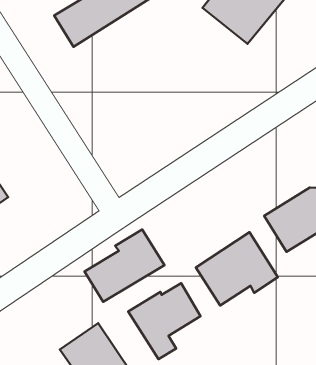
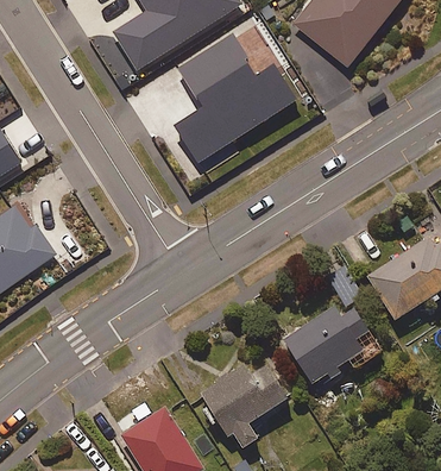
building: none -> [174,23,297,170]
building: [84,230,164,302] -> none

